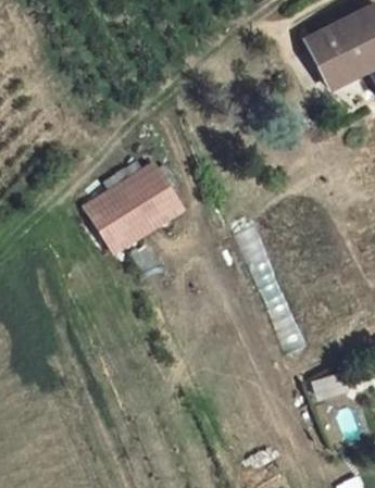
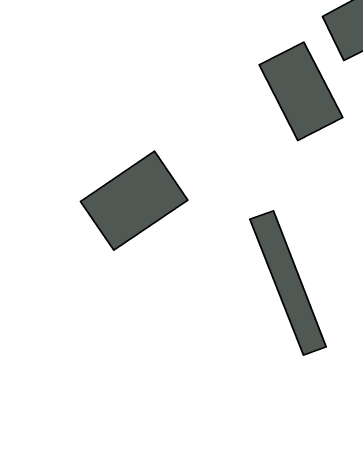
building: none -> [259,42,343,141]

